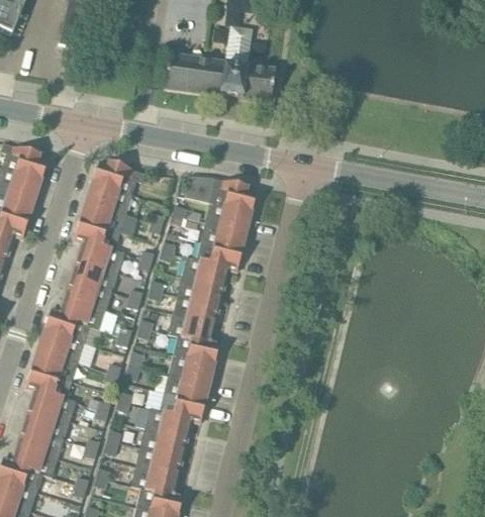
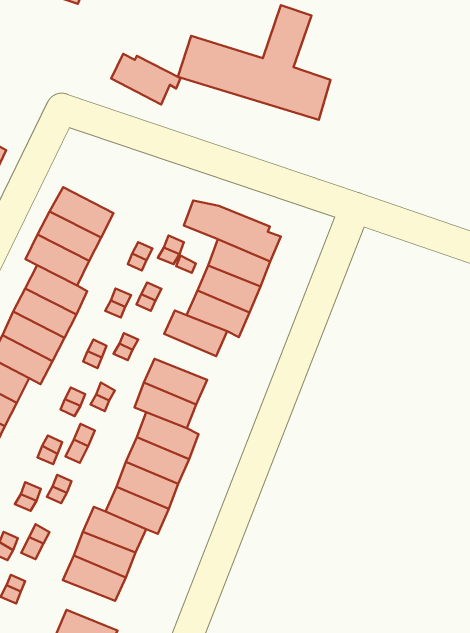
building: [92,163,142,195] -> [111,54,181,104]
building: [178,277,222,305] -> none
building: [132,467,177,495] -> none

